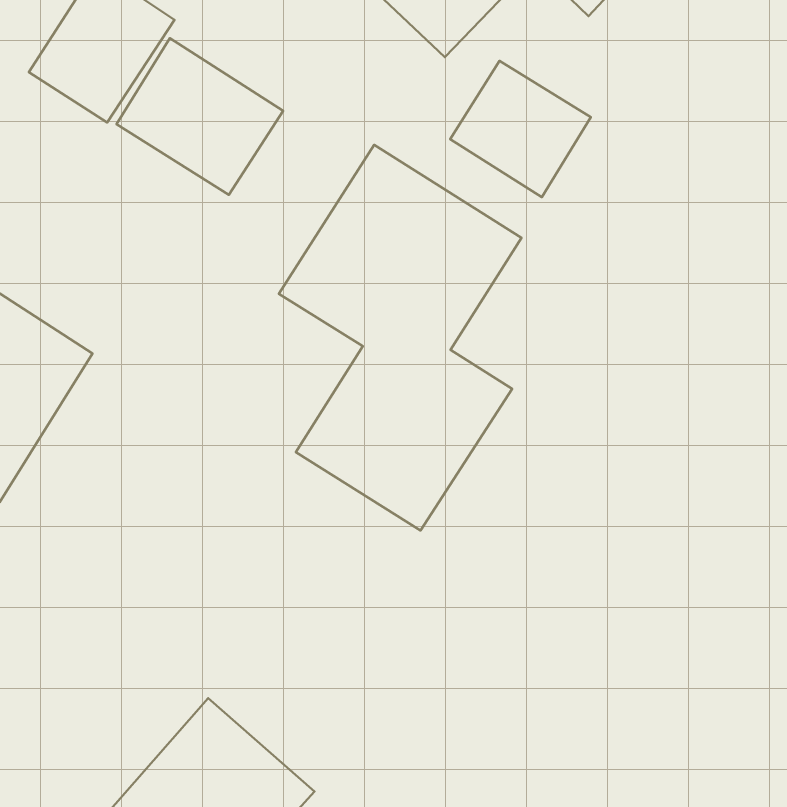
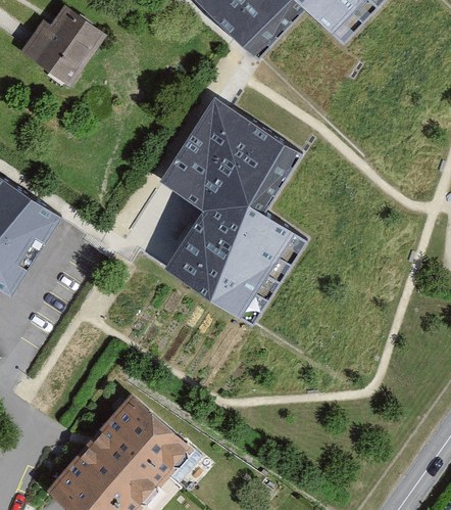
building: [116,38,283,195] -> none
building: [450,61,591,197] -> none

